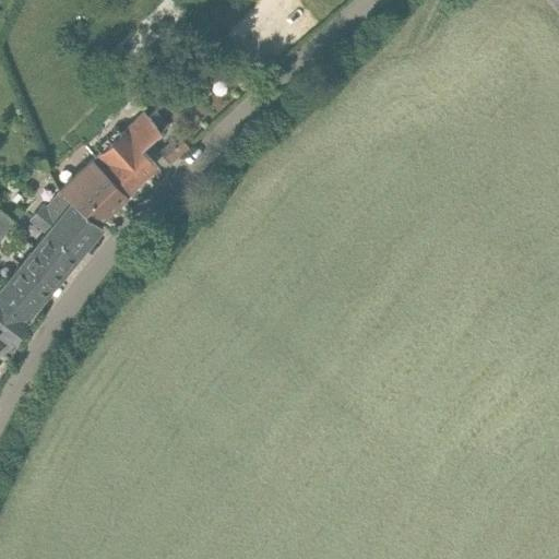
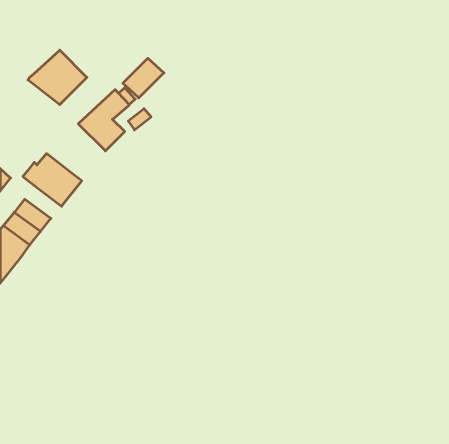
building: none -> [123,58,164,98]
building: [58,159,131,227] -> [28,50,87,105]
building: [31,237,76,277] -> none

